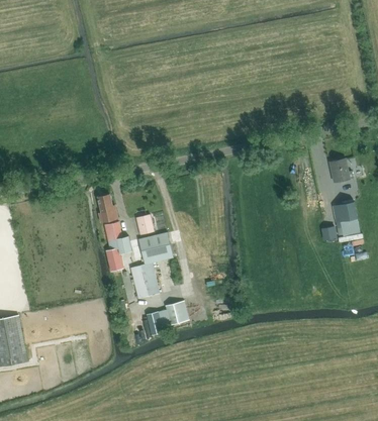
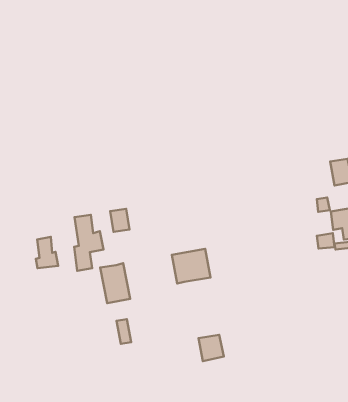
building: [97,193,117,221] -> [36,237,58,268]
building: [137,231,173,264] -> [172,249,210,284]
building: [165,300,188,324] -> [199,335,224,361]

